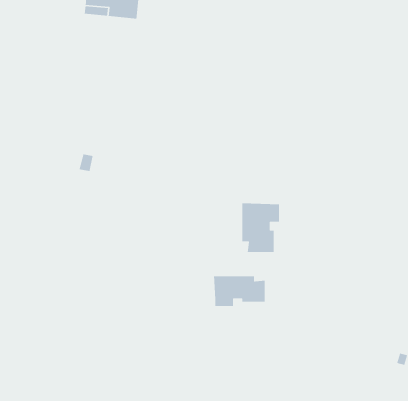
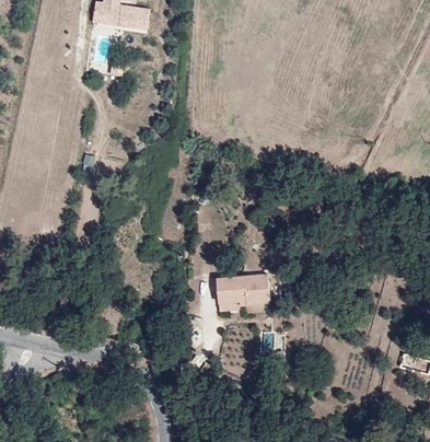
building: [241,203,280,253] -> none

